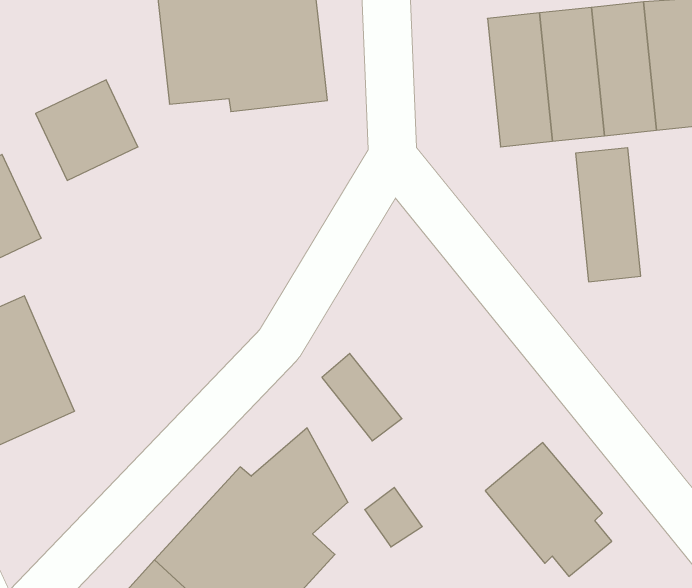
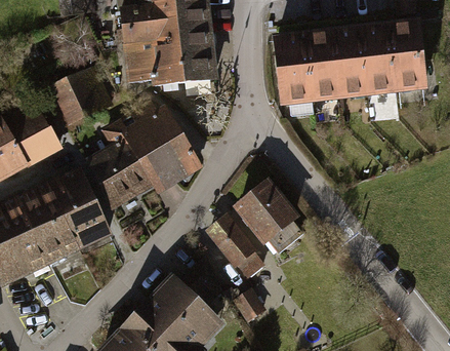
building: none -> [87,101,198,203]
building: [576,148,641,282] -> [274,33,310,107]
building: none -> [47,169,111,249]
building: [485,443,612,576] -> [232,186,301,260]

